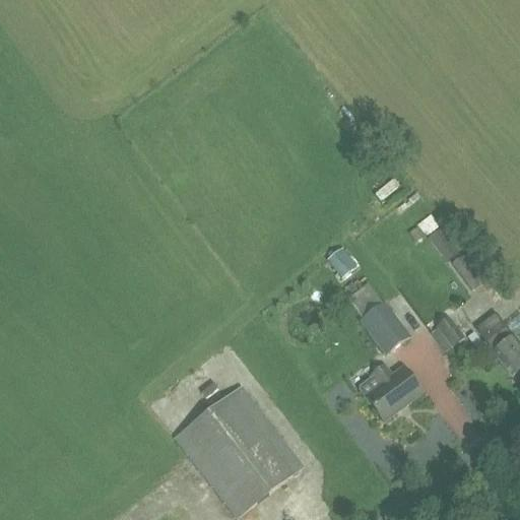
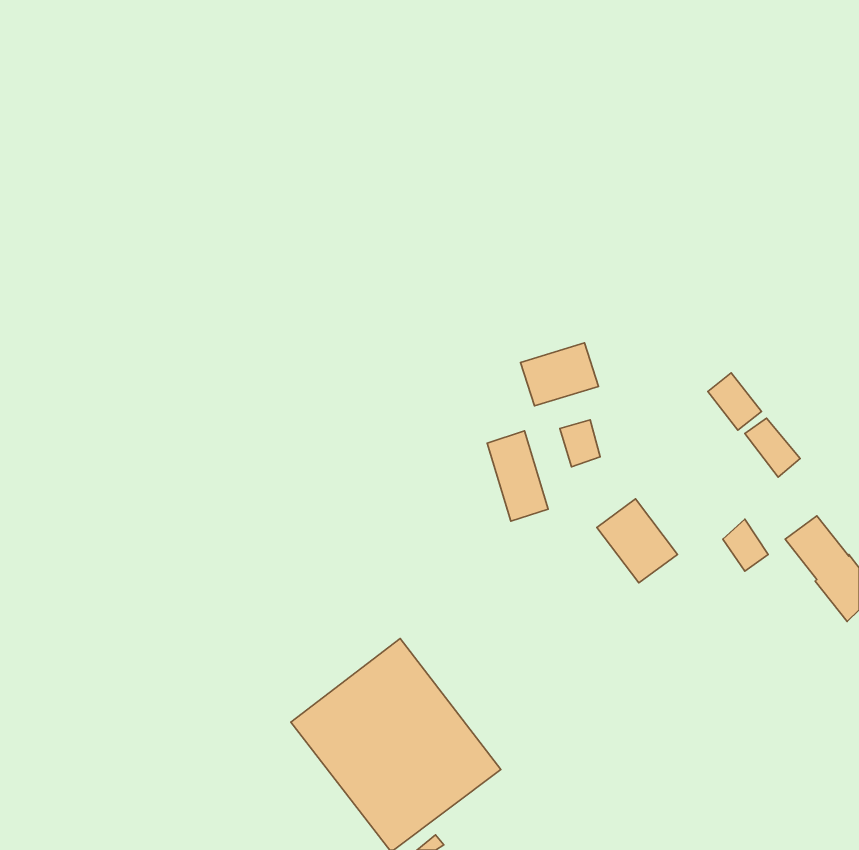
building: none -> [521,343,598,406]
building: none -> [487,431,548,521]
building: [360,365,420,419] -> none

